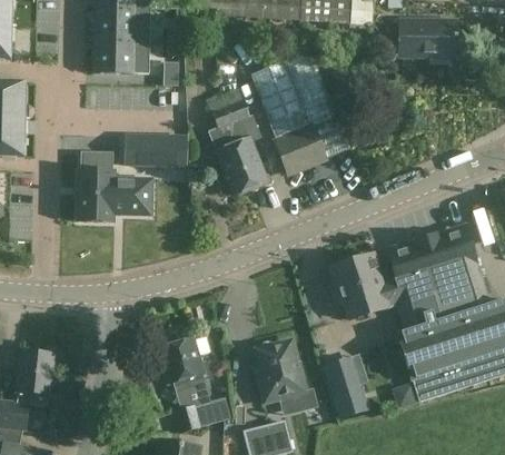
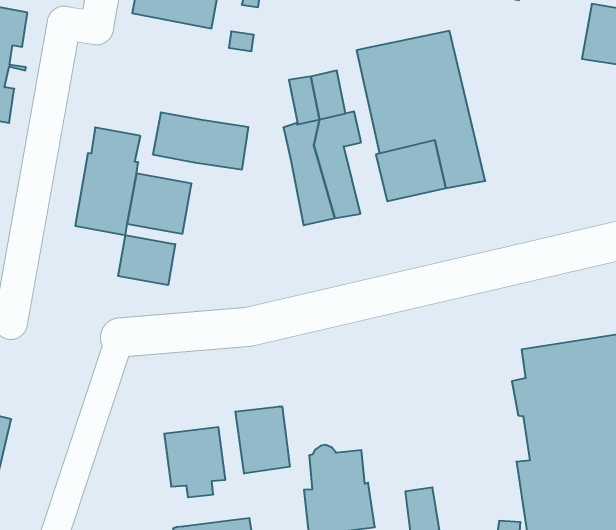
building: none -> [118,235,175,285]
building: [330,253,394,317] -> none
building: none -> [236,406,290,474]

